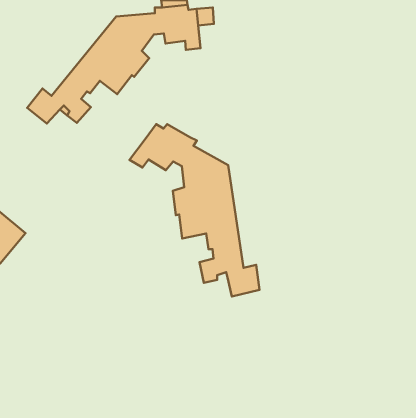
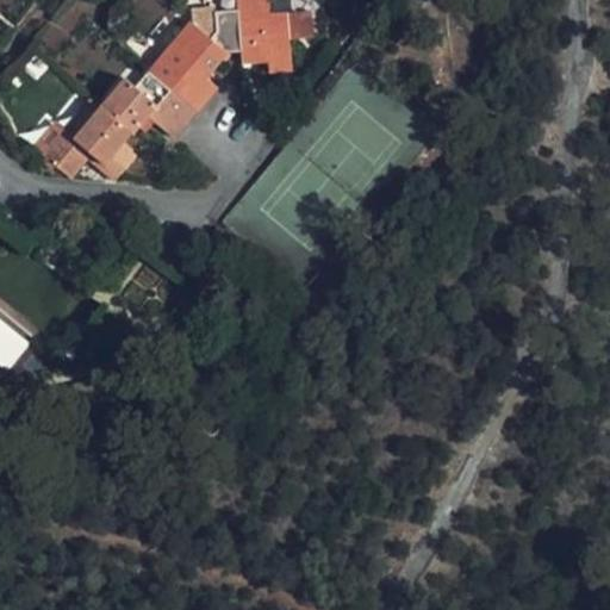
building: [129,124,260,296] -> none

